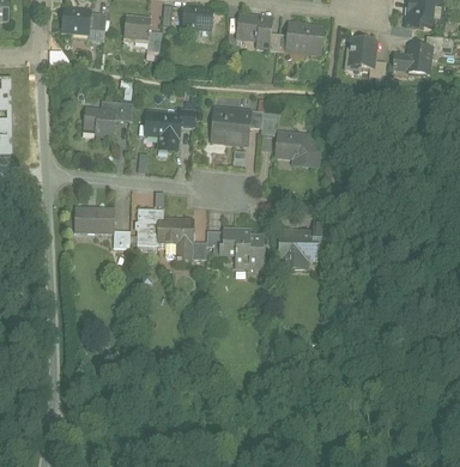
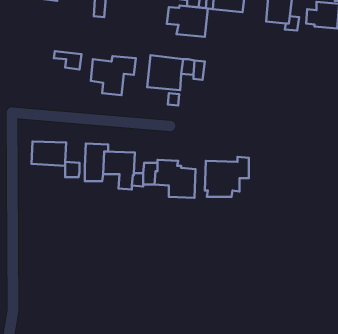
building: none -> [167,6,208,37]
building: [83,107,115,138] -> none
building: [276,128,317,166] -> none

